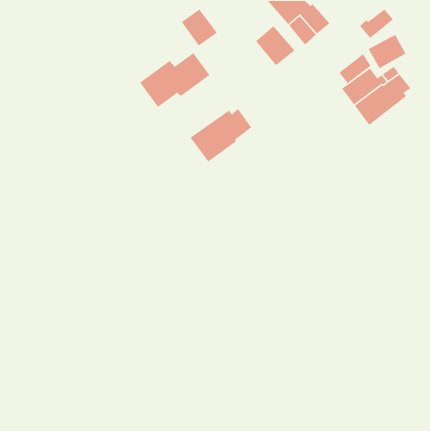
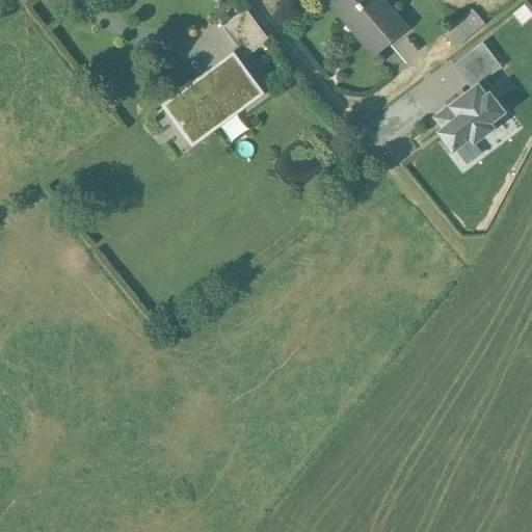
building: [255,25,295,66] -> none
building: [338,53,372,84] -> none
building: [190,108,252,163] -> none

